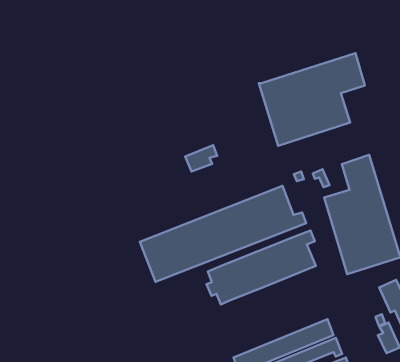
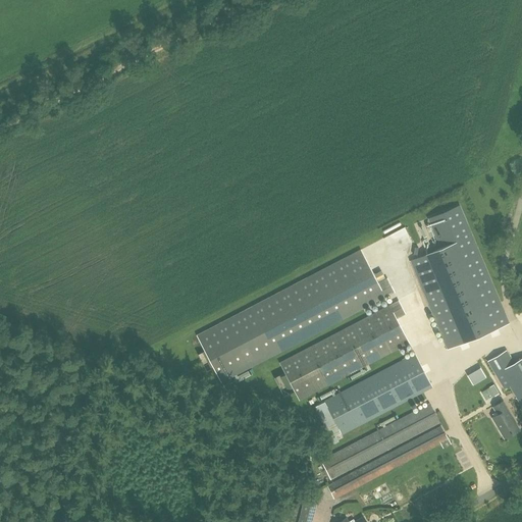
building: [259,53,365,146] -> none
building: [185,145,217,171] -> none
building: none -> [315,354,432,442]

